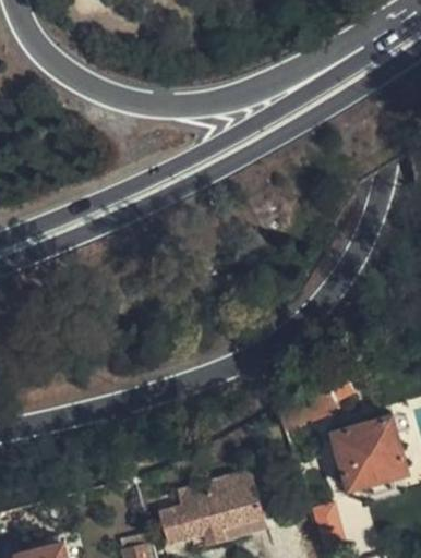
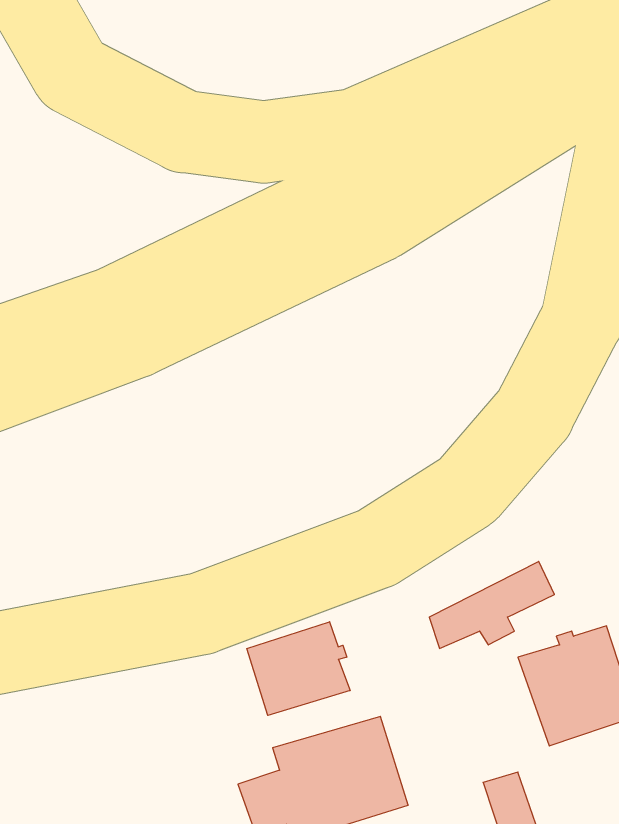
building: none -> [247,622,350,715]

